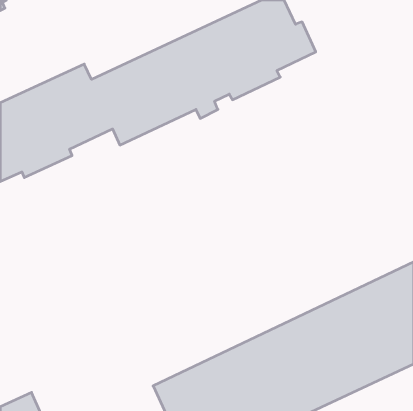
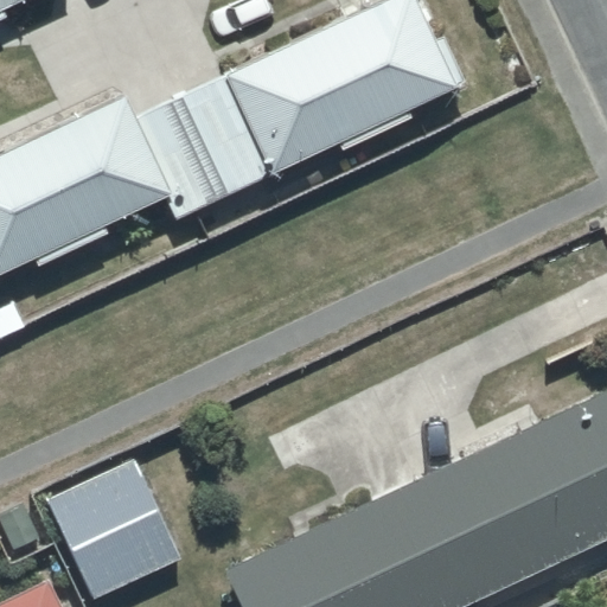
building: none -> [44,455,178,598]

